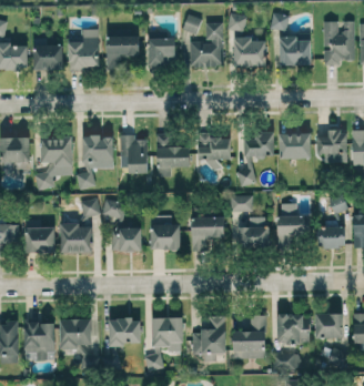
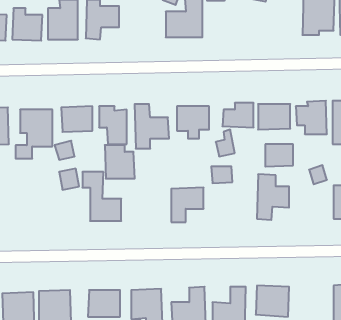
building: [279,34,311,67] -> none
building: [151,38,175,67] -> none
building: [234,39,266,67] -> none
building: [151,216,181,250] -> [105,145,135,179]
building: [237,216,269,248] -> none
building: [26,220,55,253] -> none
building: [60,224,92,253] -> none
building: [317,226,345,248] -> [265,144,293,167]
building: [315,313,343,338] -> none

